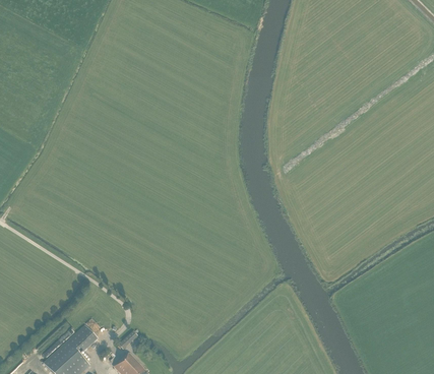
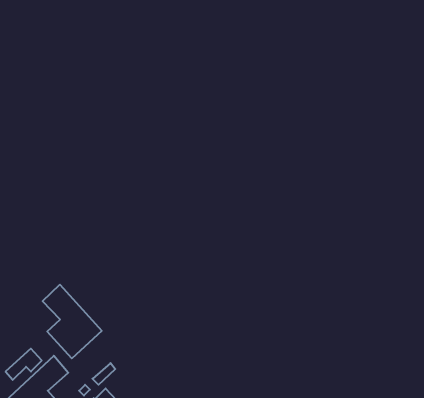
building: none -> [43,285,102,358]

